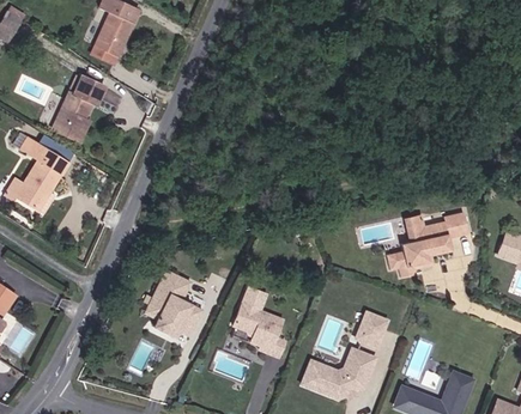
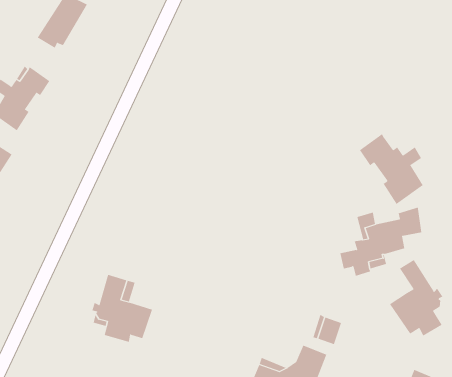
building: none -> [359,133,424,205]
building: none -> [389,259,443,337]
building: [230,286,284,357] -> none

